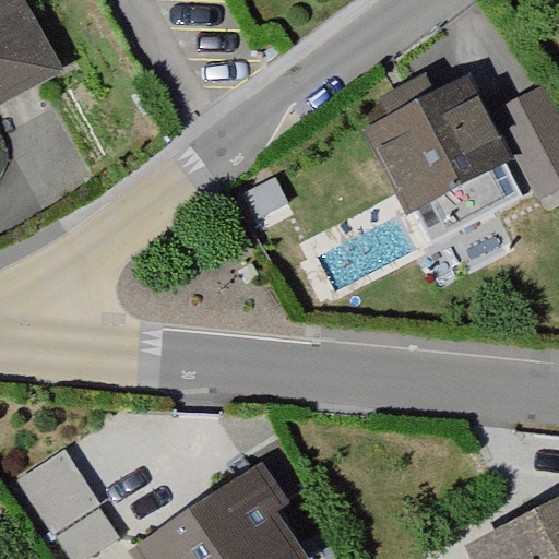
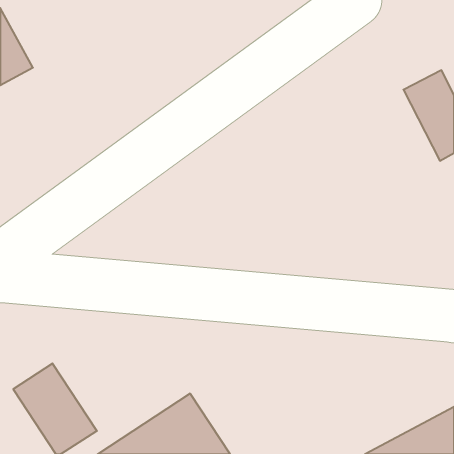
building: [367,75,512,212] -> none

